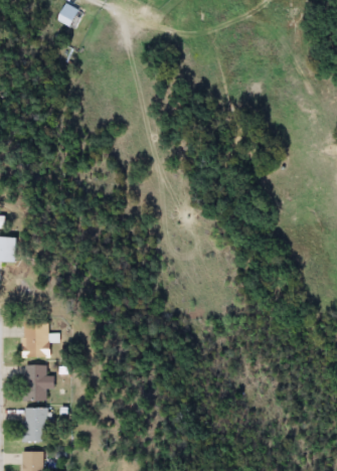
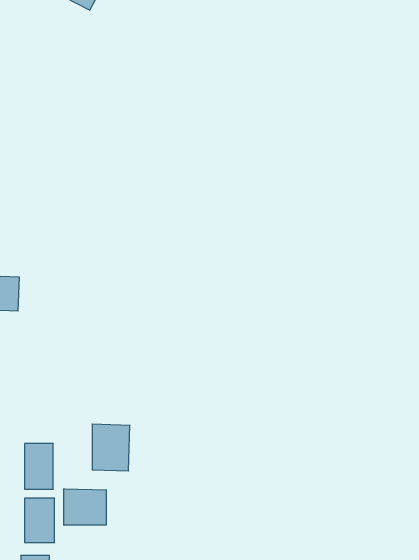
building: [22,322,51,358] -> [92,424,130,471]
building: none -> [64,489,106,525]

